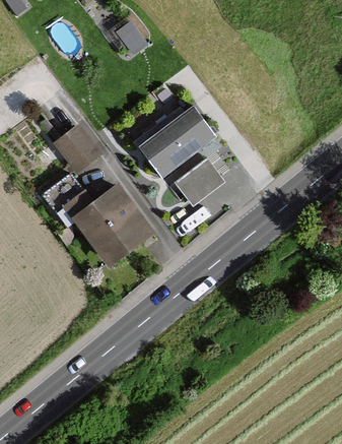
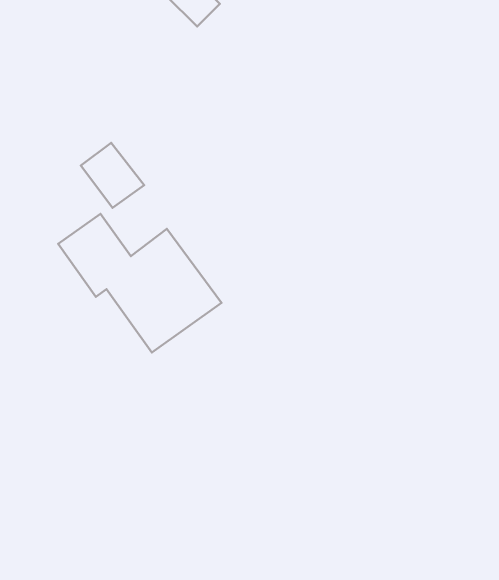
building: [138,107,213,178] -> none
building: [176,160,223,204] -> none

